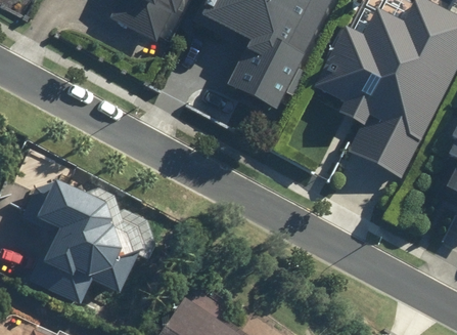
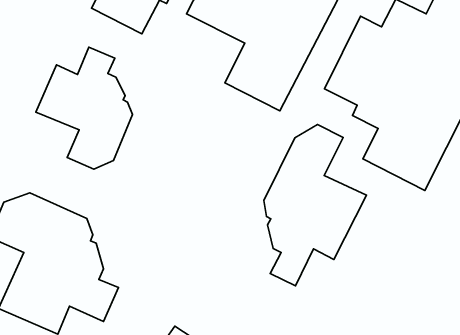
building: none -> [36,47,133,169]
building: none -> [264,124,366,286]

